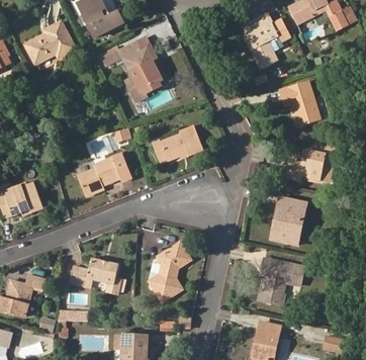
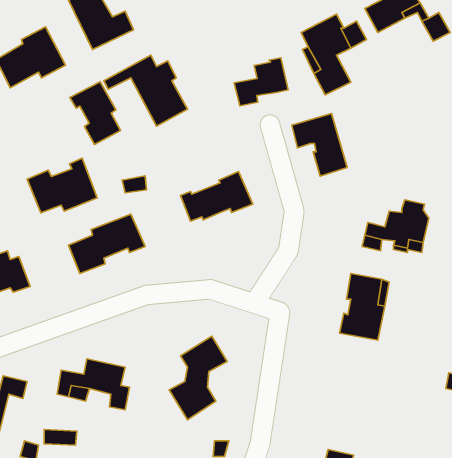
building: none -> [234,58,288,106]
building: none -> [70,82,120,144]
building: [278,81,317,125] -> [292,114,347,176]
building: none -> [27,158,97,213]
building: [258,258,301,303] -> none

